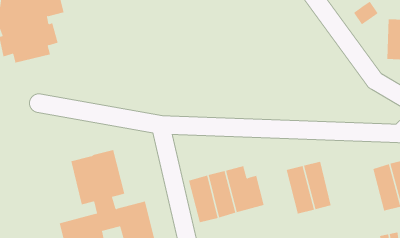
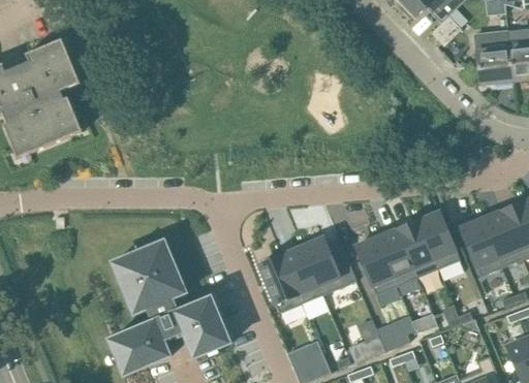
building: none -> [418,210,461,269]
building: none -> [460,218,503,277]
building: none -> [355,234,399,295]

